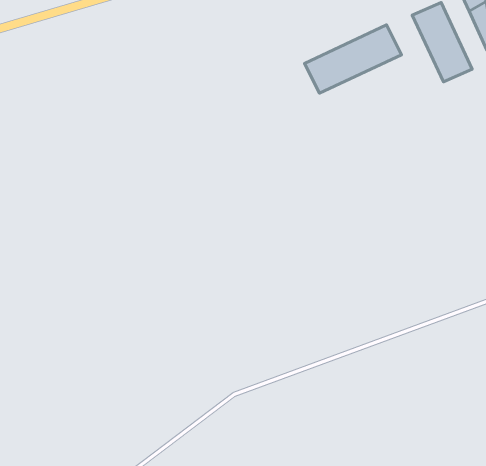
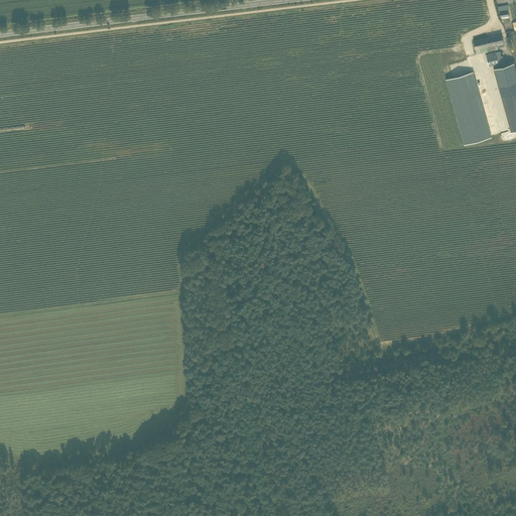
building: [304,25,402,93] -> none

